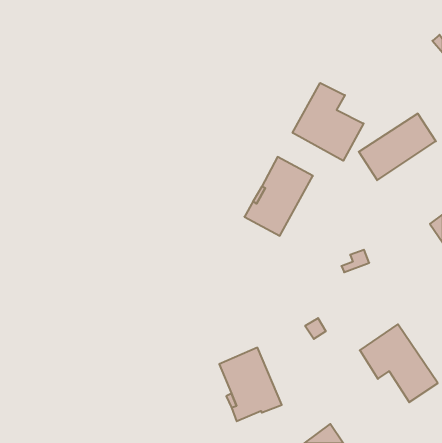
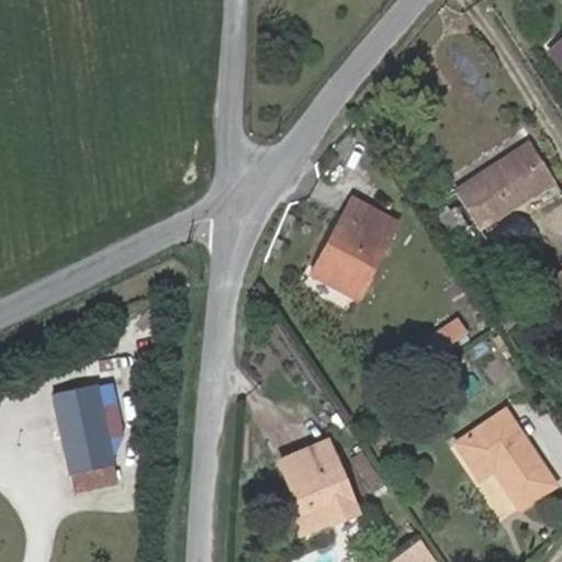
building: [293,83,364,161] -> none
building: none -> [53,376,128,491]

